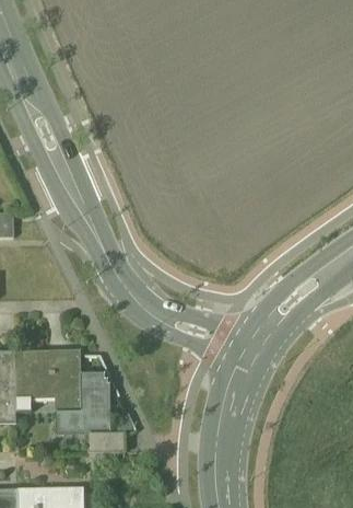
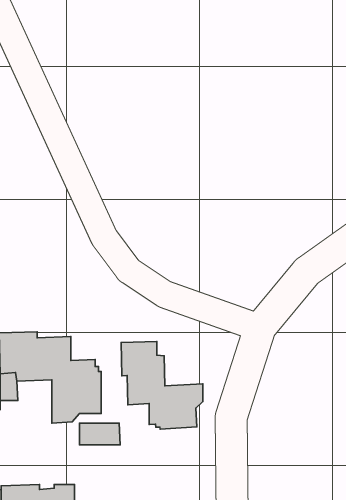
building: none -> [121,342,203,429]

